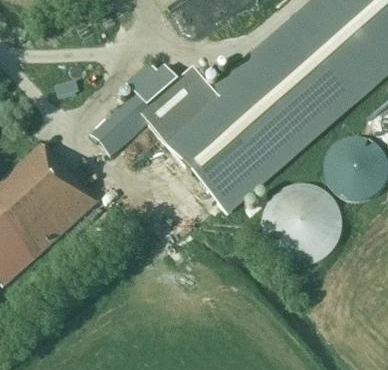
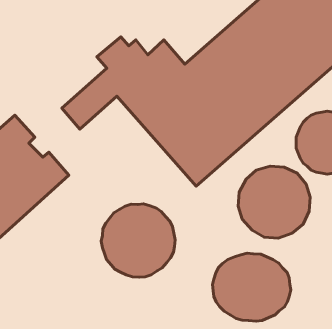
building: none -> [101,204,175,277]
building: none -> [212,253,291,321]

